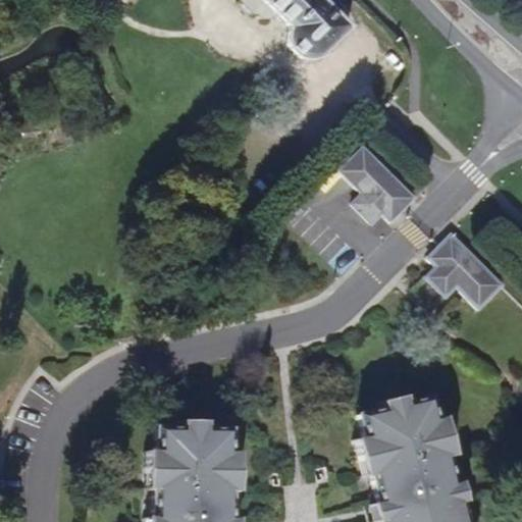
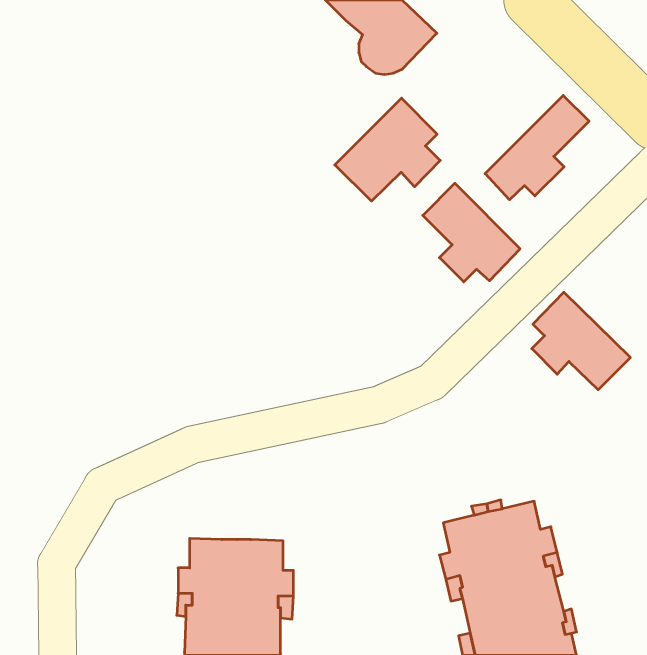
building: none -> [485,95,589,200]
building: none -> [335,98,440,201]

